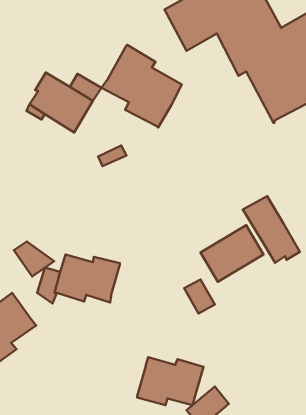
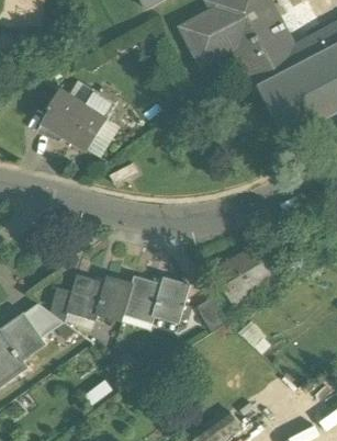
building: [101,45,182,128] -> none
building: [243,196,300,263] -> none
building: [14,242,54,276] -> [23,303,64,338]
building: [137,357,204,405] -> [123,274,190,323]

